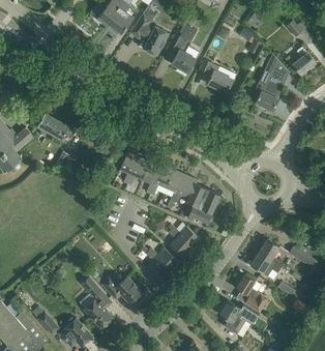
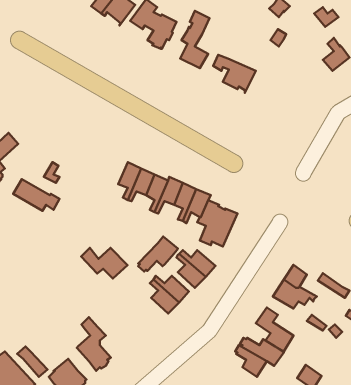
building: [255,59,287,111] -> none
building: [36,112,76,139] -> [13,179,59,211]
building: none -> [138,237,178,272]
building: [101,276,141,302] -> [81,248,128,278]

